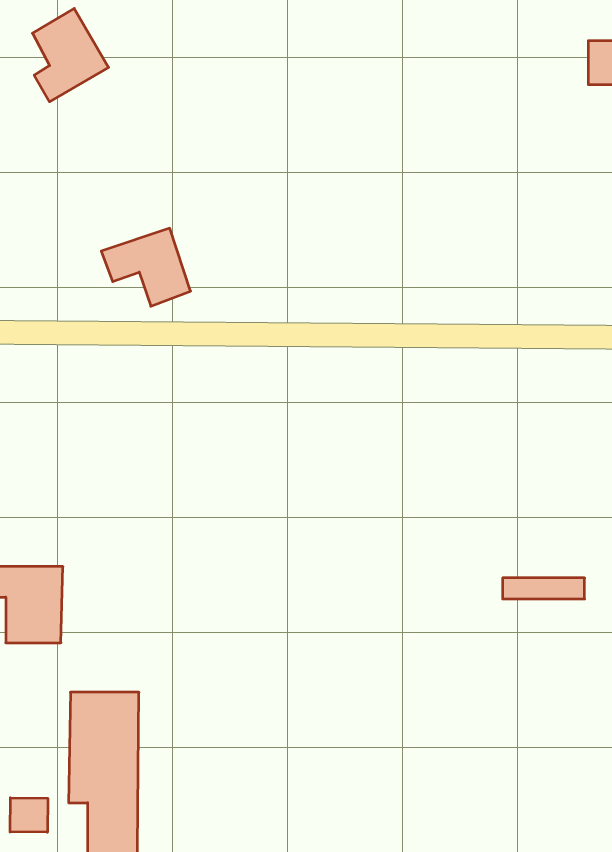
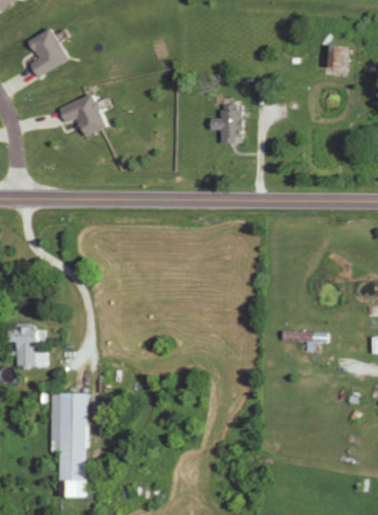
building: none -> [210,110,242,142]
building: [101,228,191,306] -> [59,95,107,136]
building: [10,798,48,832] -> none

